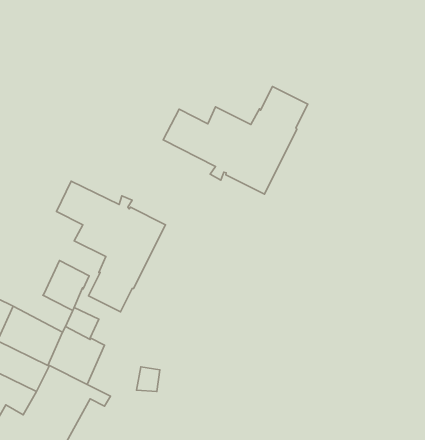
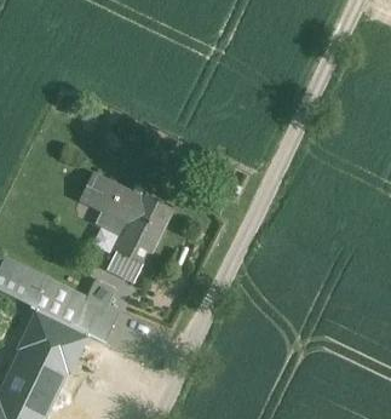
building: [163,87,308,194] -> none
building: [43,260,89,310] -> none

